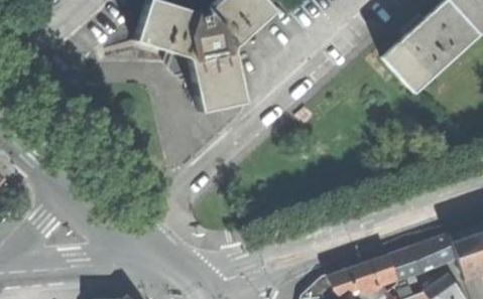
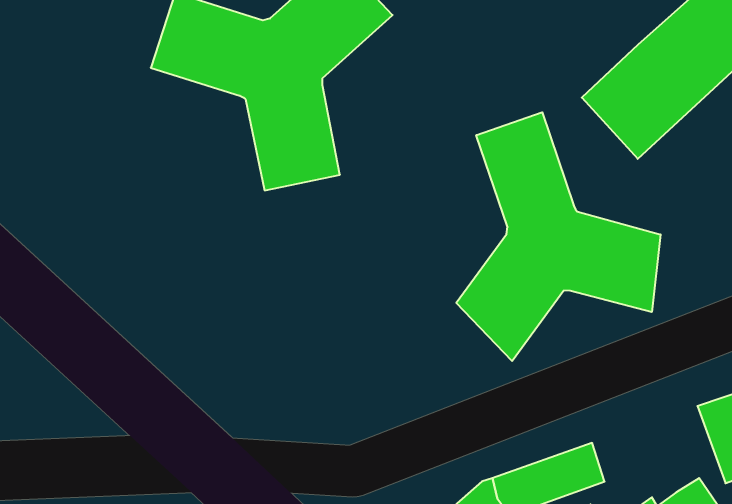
building: none -> [456,112,661,361]
building: [389,241,437,278] -> none

